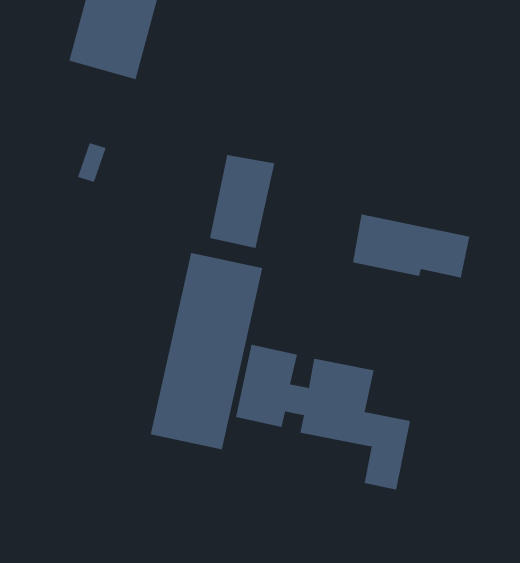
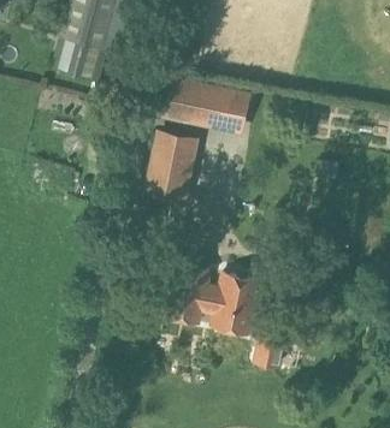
building: [352,214,470,278] -> [167,79,249,124]
building: [150,252,263,450] -> none

